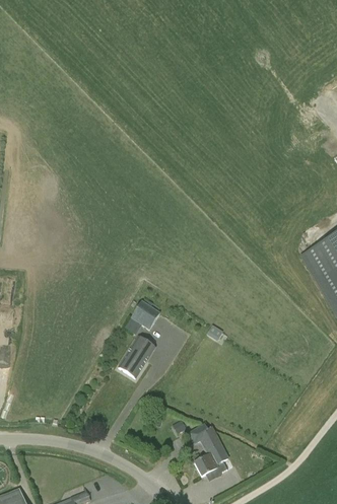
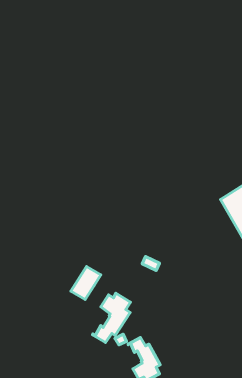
building: [130,299,160,329] -> none
building: none -> [93,293,130,343]

